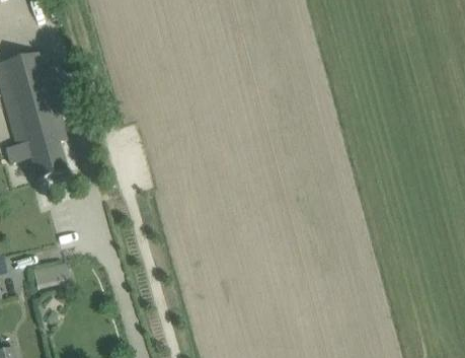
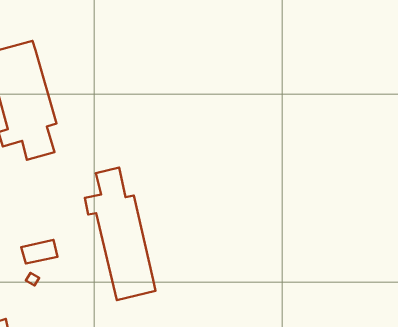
building: none -> [85,168,156,300]

